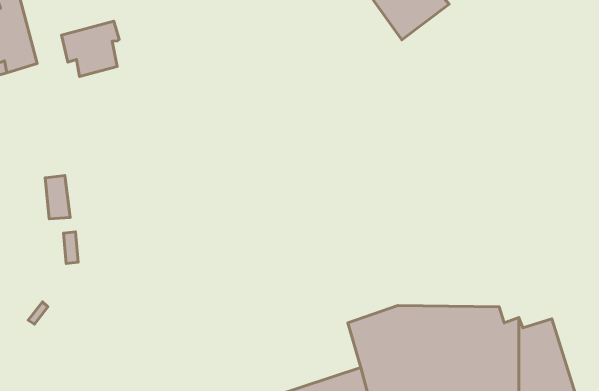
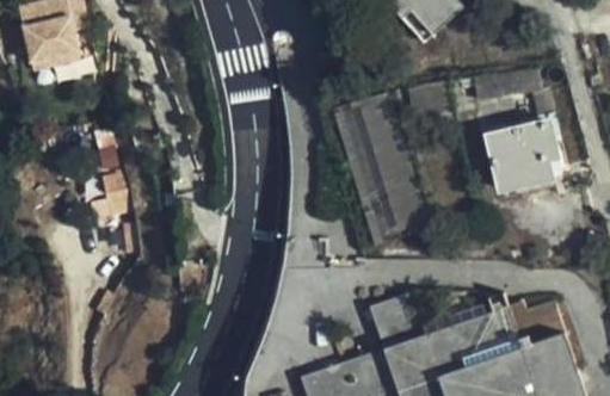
building: [61,21,119,77] -> none
building: none -> [483,123,549,191]

